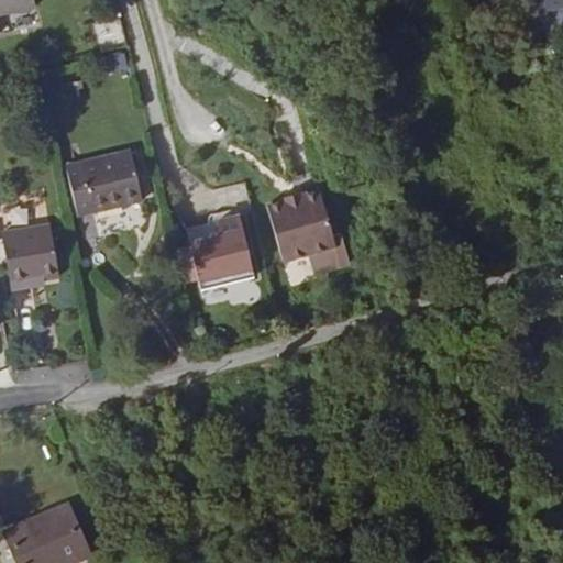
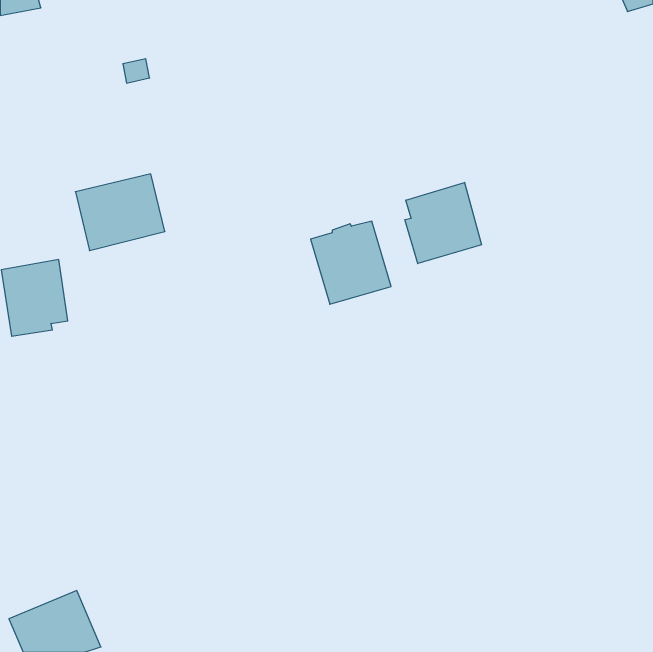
building: none -> [405,182,481,264]
building: [189,216,254,288] -> none

